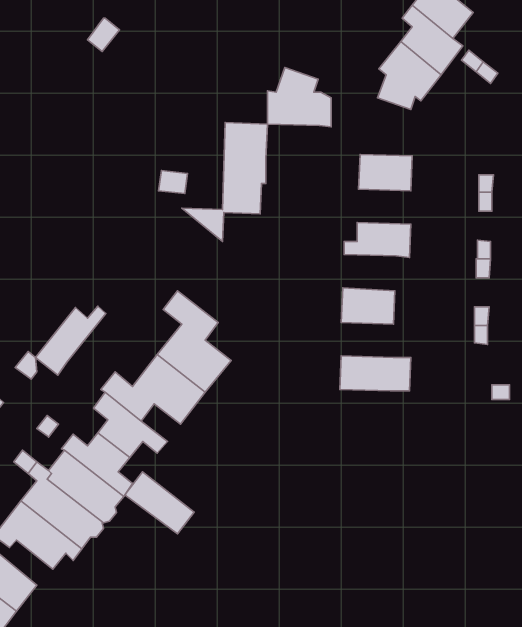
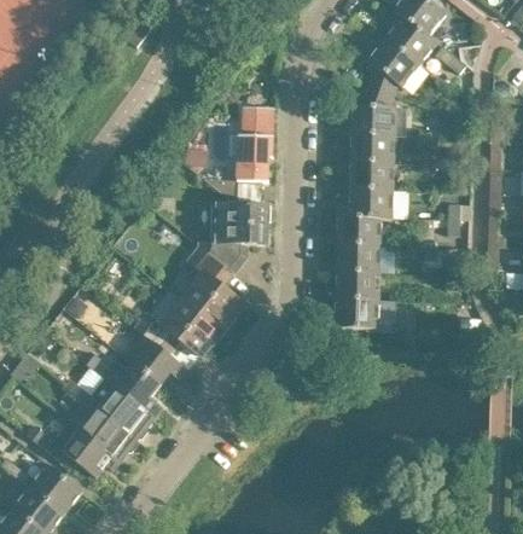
building: [267,68,331,127] -> [351,85,405,134]
building: none -> [349,161,394,190]
building: none -> [199,204,268,272]
building: none -> [337,215,382,245]
building: [35,306,106,375] -> none
building: none -> [336,272,379,301]
building: [125,472,194,534] -> none

